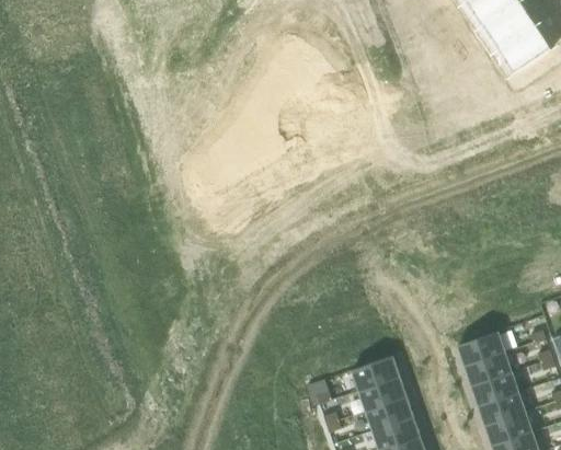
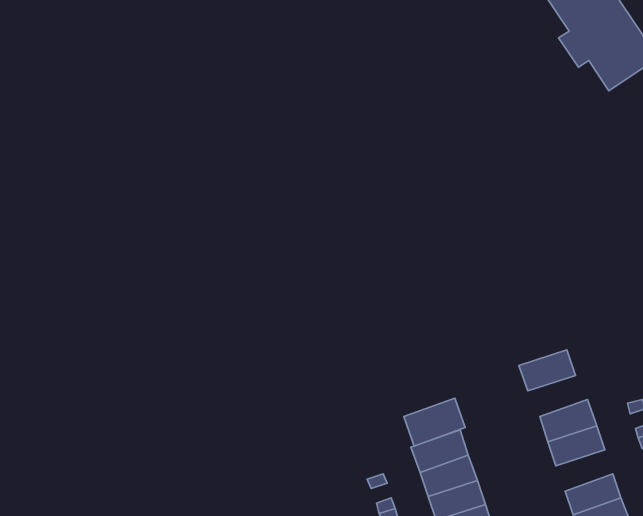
building: none -> [519,350,576,391]
building: none -> [404,398,465,446]
building: [471,372,518,406] -> none

